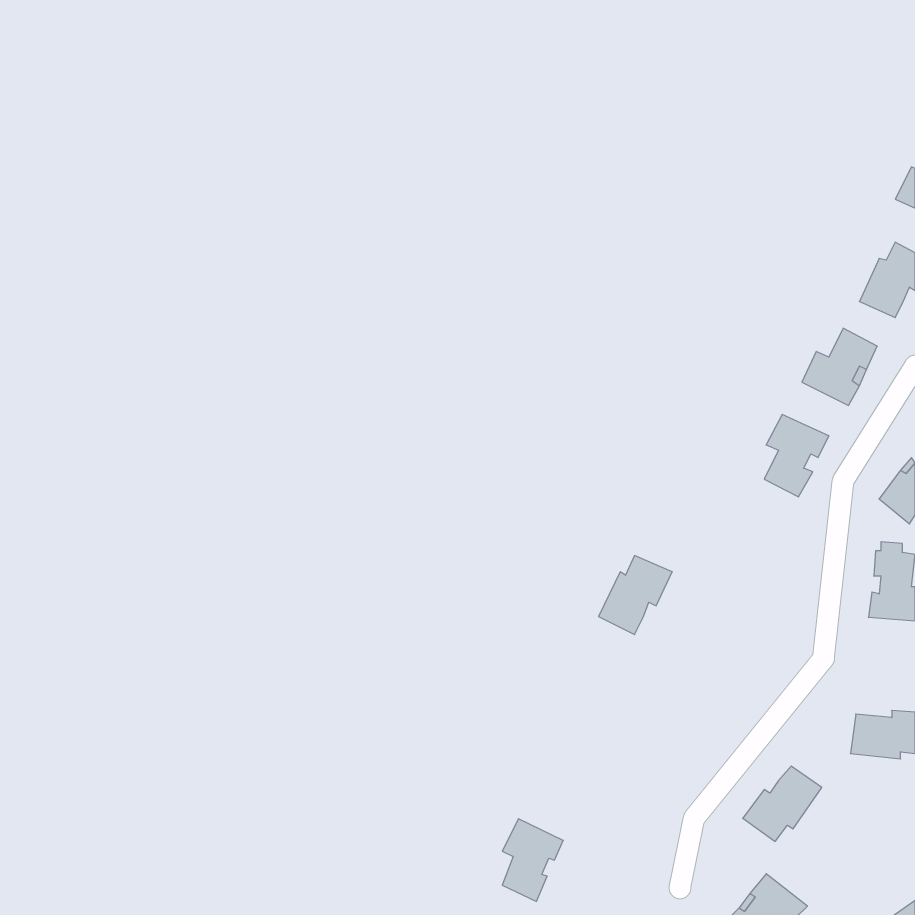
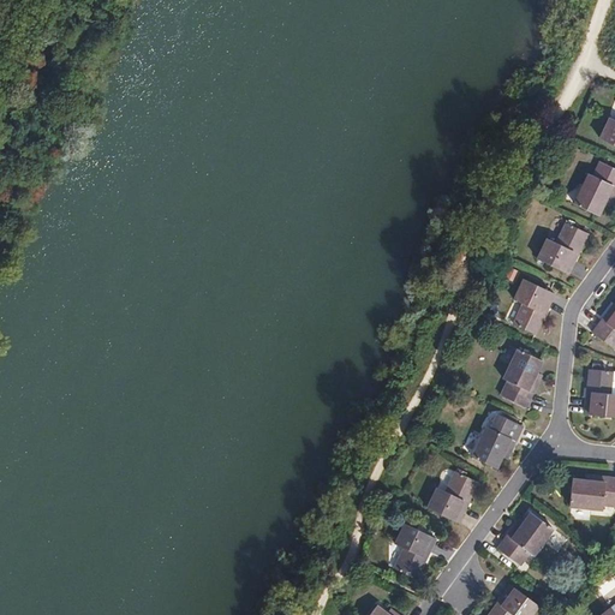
building: none -> [501,353,539,408]
building: [599,556,672,635] -> [473,417,523,470]
building: none -> [428,471,477,523]
building: [502,819,563,901] -> [394,523,435,578]

